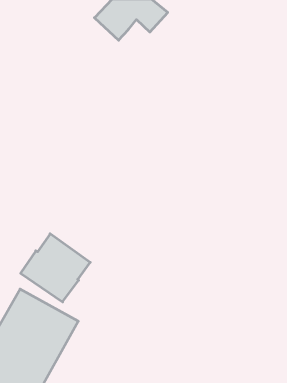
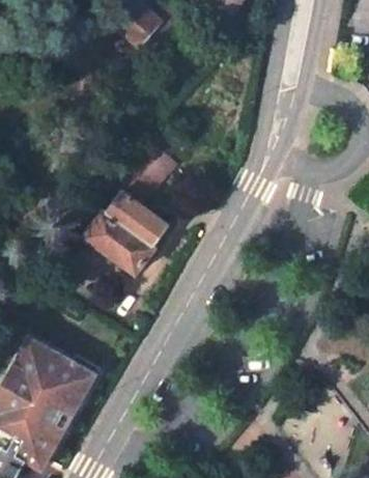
building: none -> [125,145,174,194]
building: [21,234,90,302] -> [87,195,168,274]

